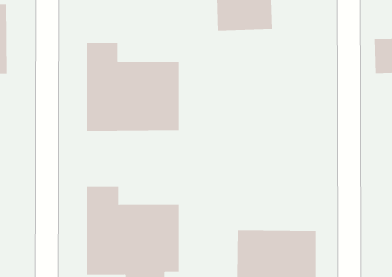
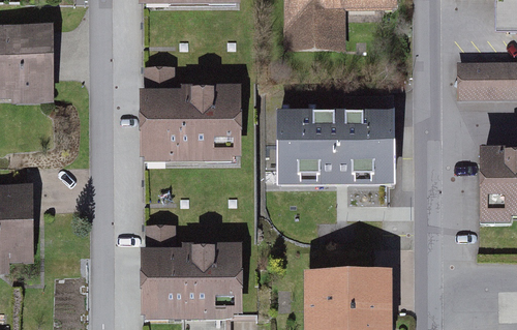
building: none -> [274,110,390,186]

